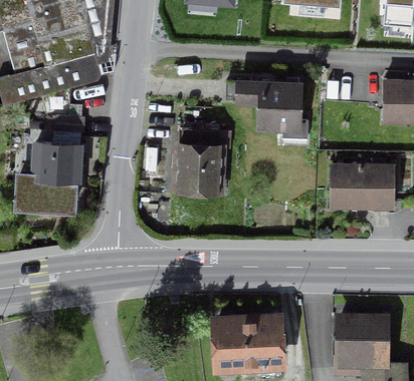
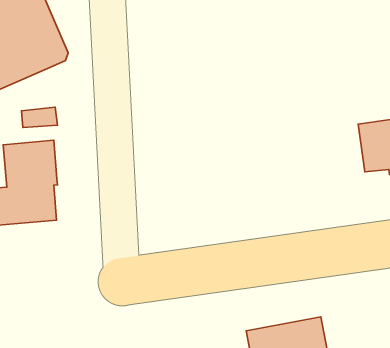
building: [225,82,298,129] -> none
building: [176,128,220,189] -> none

